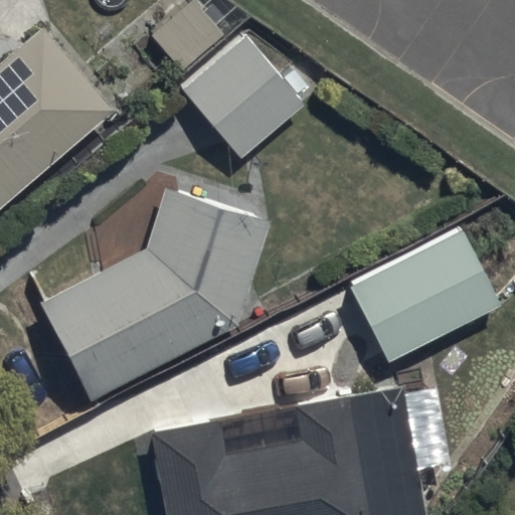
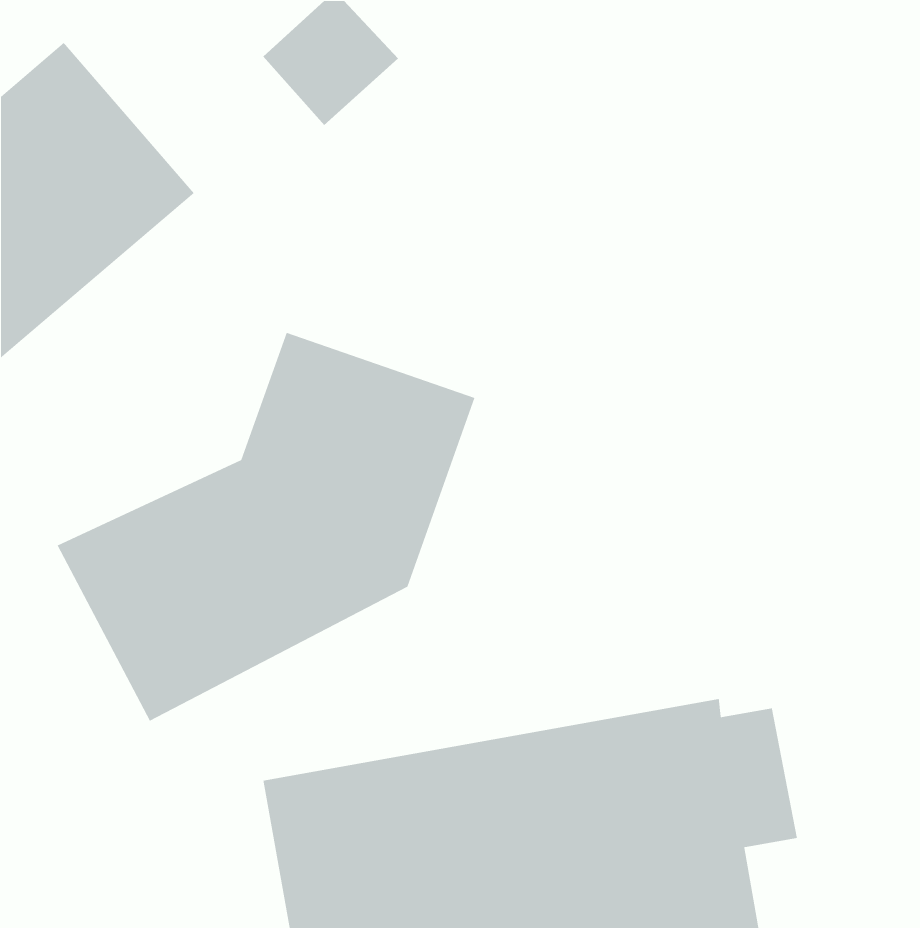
building: [182,36,311,159] -> none
building: [347,228,501,363] -> none

